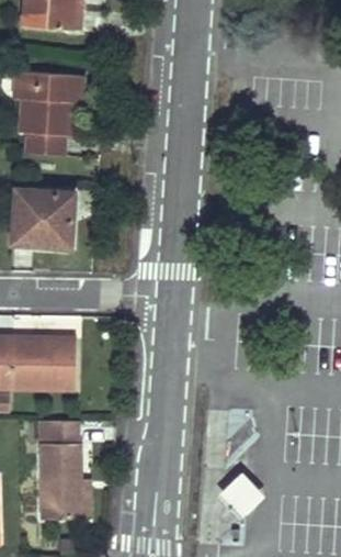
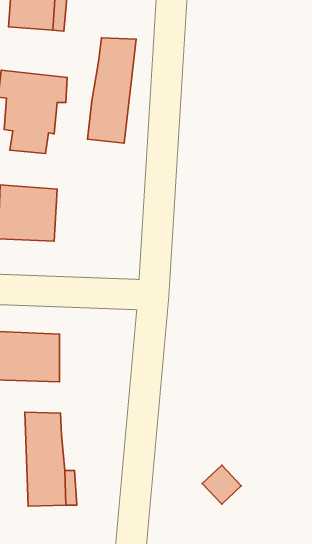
building: none -> [88,38,136,143]

